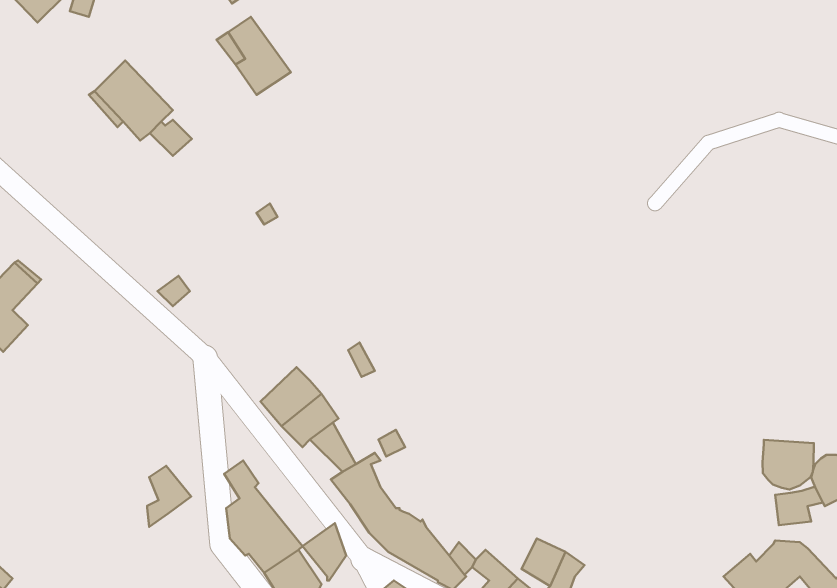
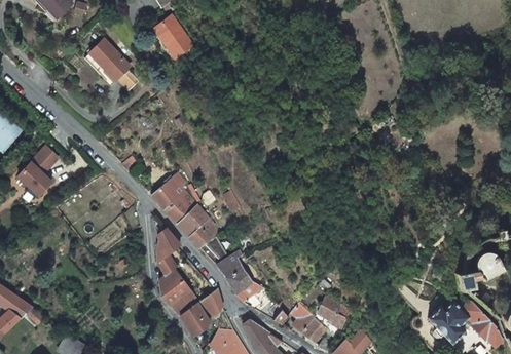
building: none -> [151,175,197,223]
building: [762,440,814,489] -> none
building: [147,466,191,527] -> [156,229,180,262]

